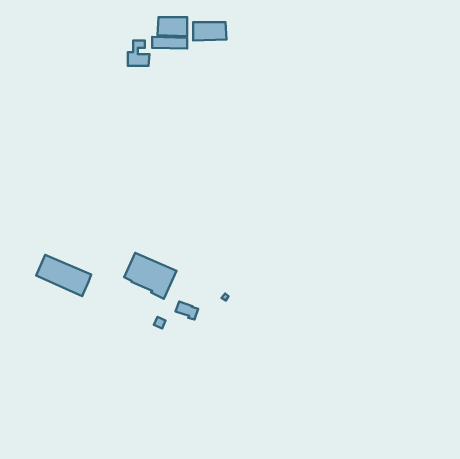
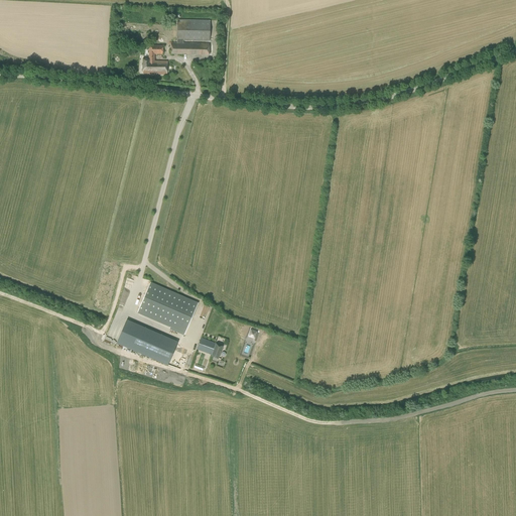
building: [193,22,226,40] -> none
building: [36,255,91,296] -> [116,318,177,365]

